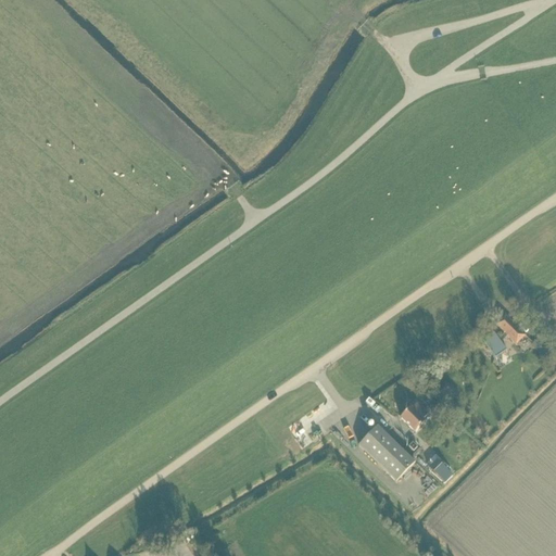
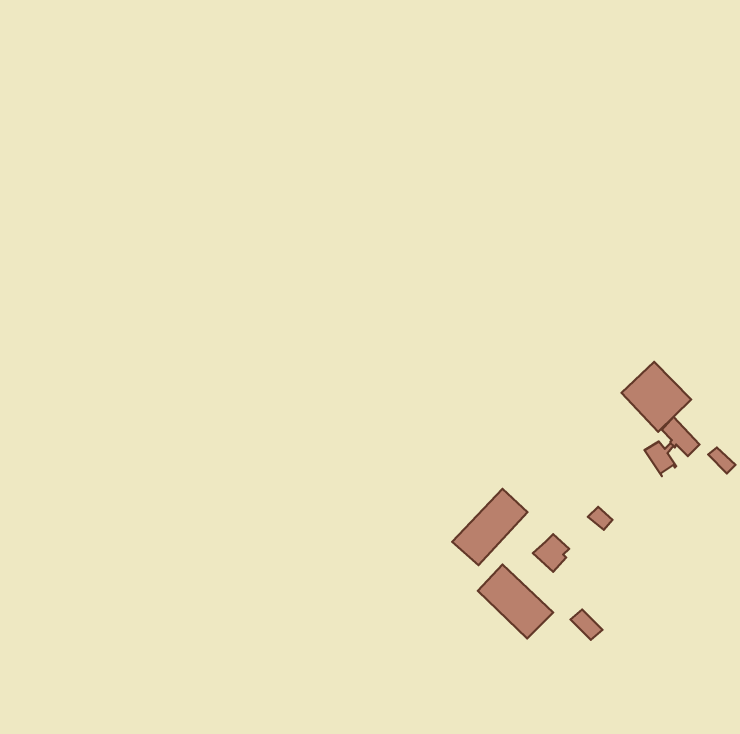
building: none -> [621,362,691,432]
building: none -> [452,489,527,565]

